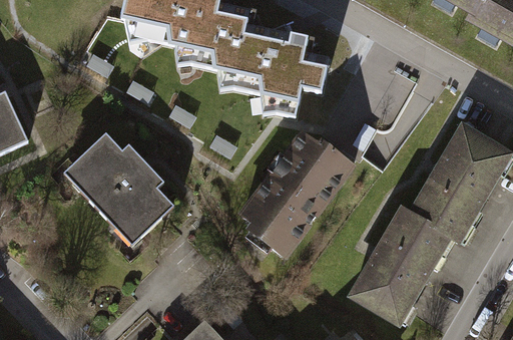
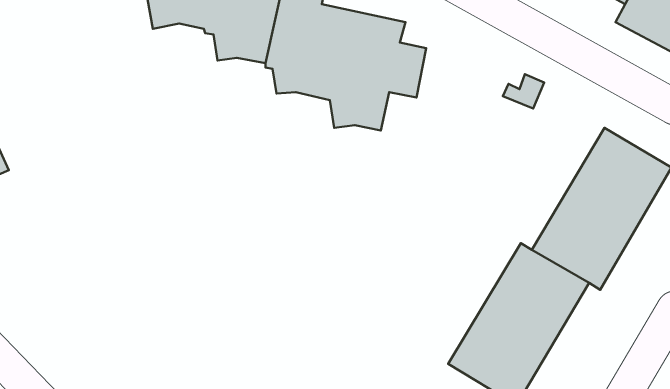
building: [240,132,360,263] -> none
building: [67,135,176,248] -> none

